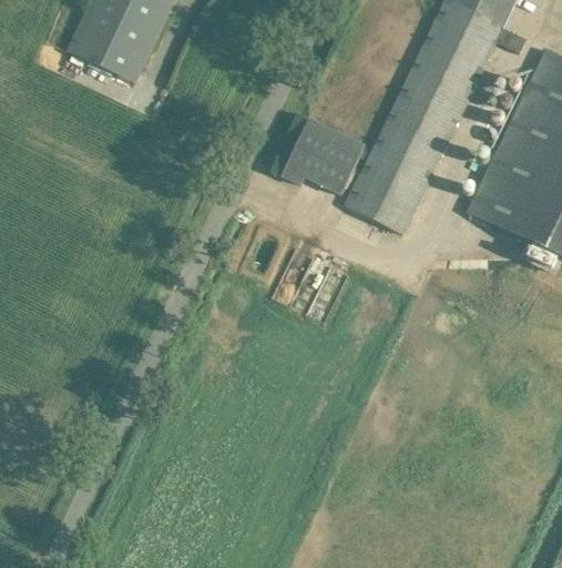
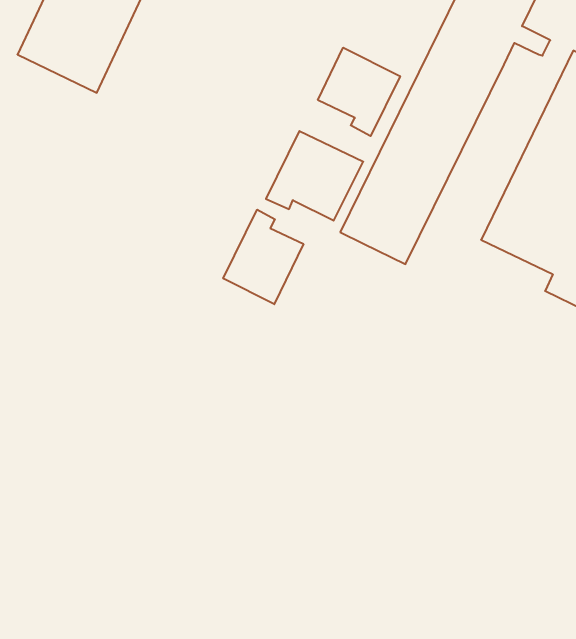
building: none -> [318,48,400,136]
building: none -> [223,210,303,304]

